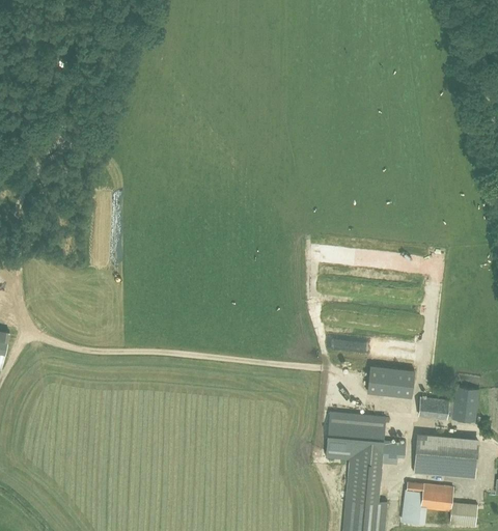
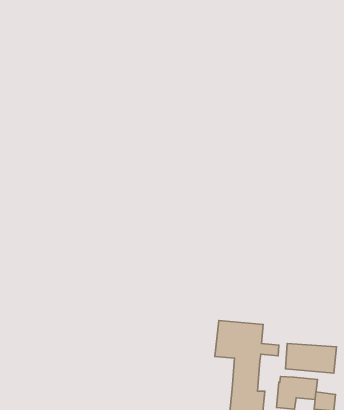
building: [366,365,415,398] -> none
building: [452,387,478,422] -> none
building: [417,396,448,420] -> none

